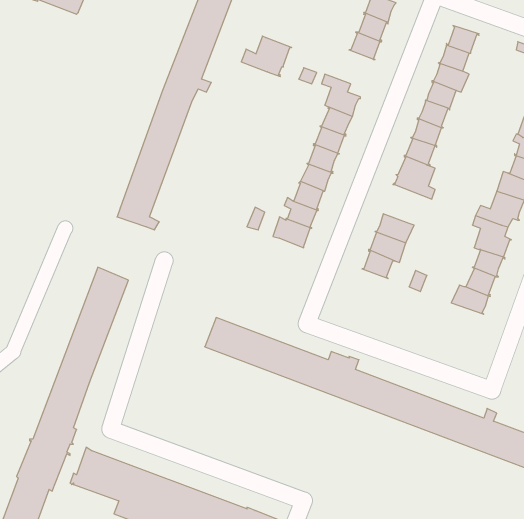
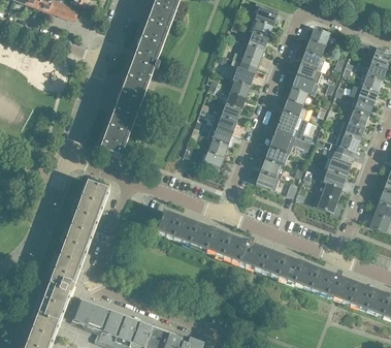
building: [241,36,292,77] -> [233,40,265,66]
building: none -> [270,127,301,152]

